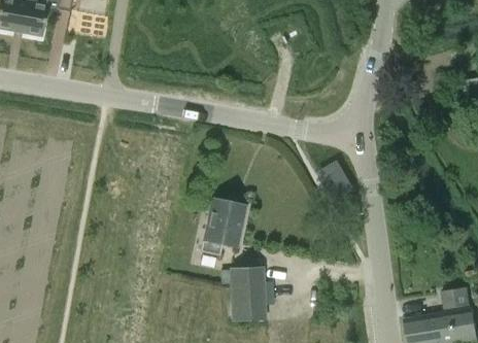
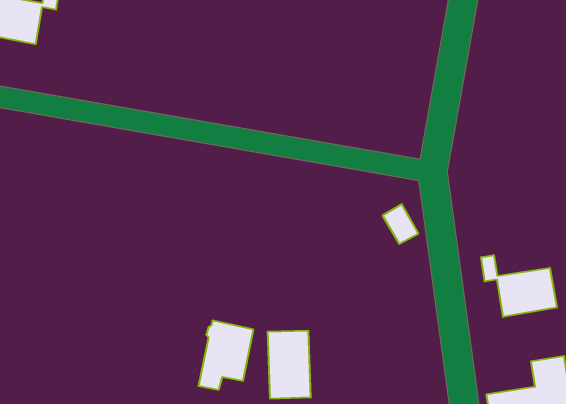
building: [201,199,245,254] -> [198,321,253,390]
building: none -> [481,255,557,317]

